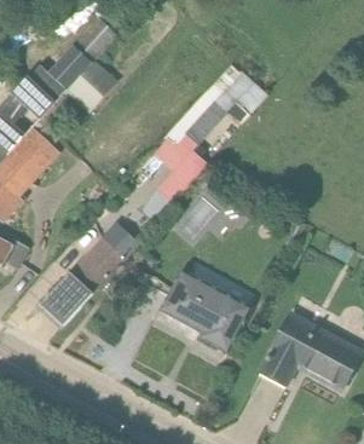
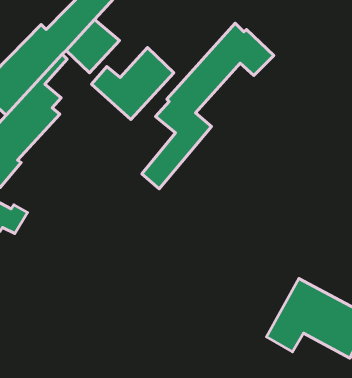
building: none -> [92,48,174,119]
building: [42,235,126,323] -> none
building: [162,269,252,350] -> none

